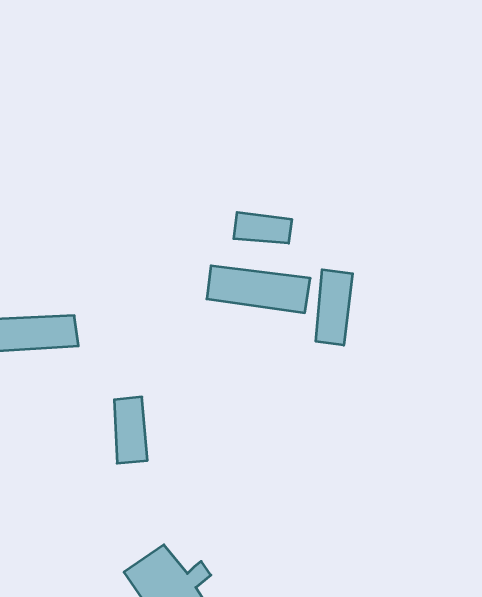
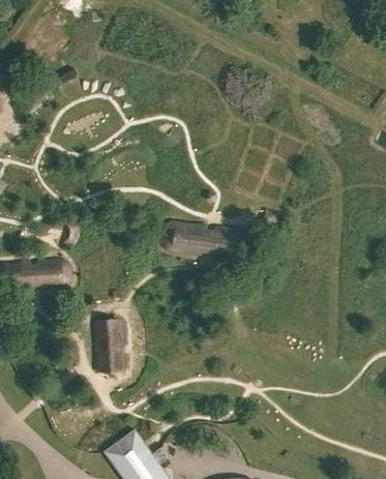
building: [234,212,292,243] -> none
building: [316,270,353,345] -> none

